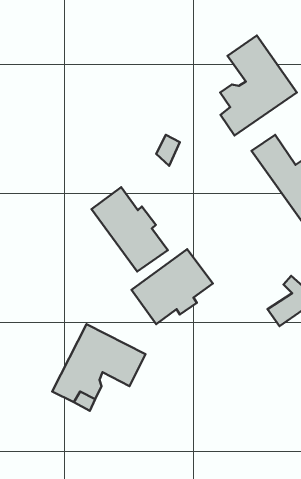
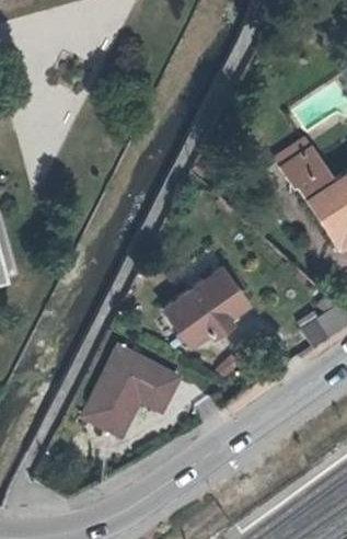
building: [220,36,297,136] -> none
building: [92,187,168,272] -> none

